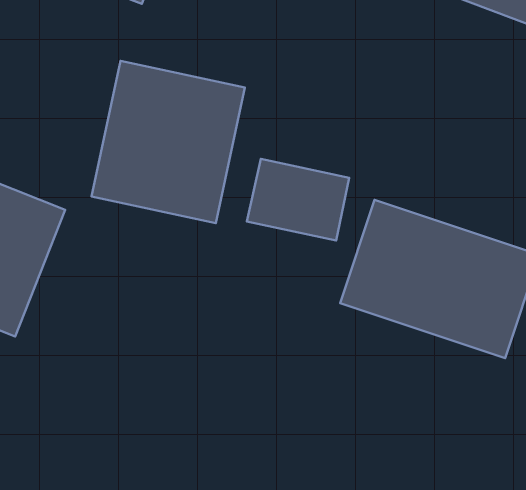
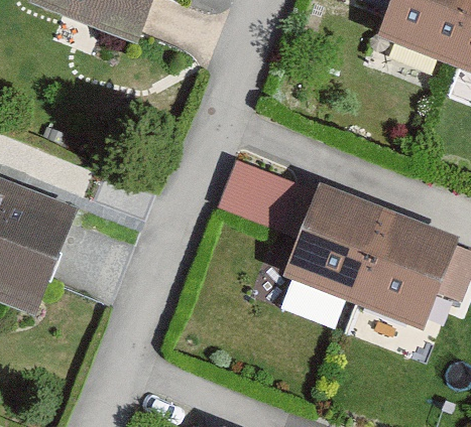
building: [92,61,245,223] -> none

